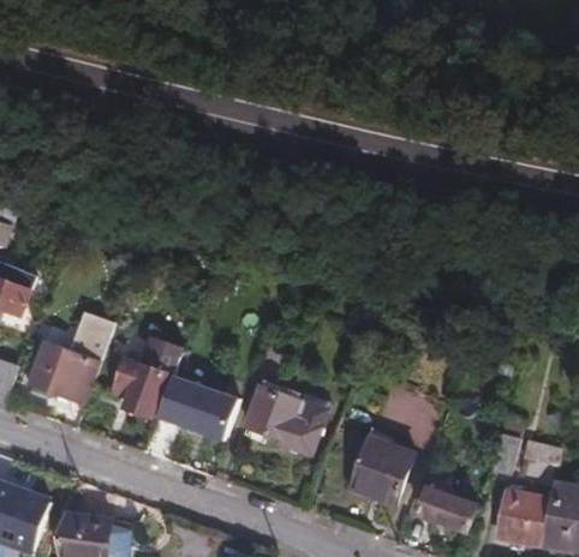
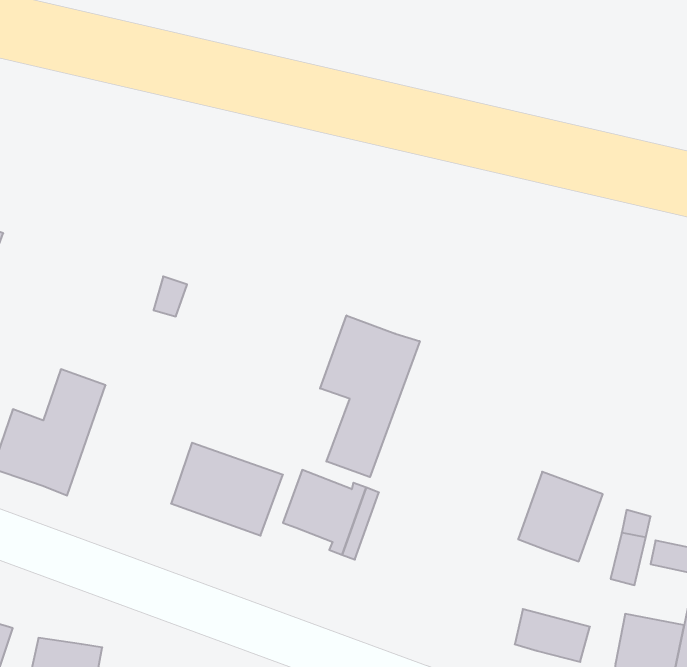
building: none -> [320,315,420,477]
building: [113,339,179,414] -> none
building: [351,435,414,502] -> [518,472,603,561]

